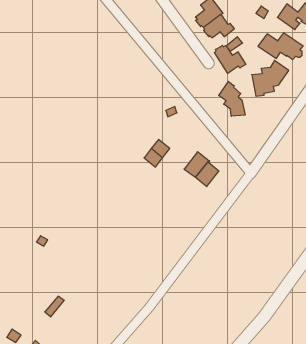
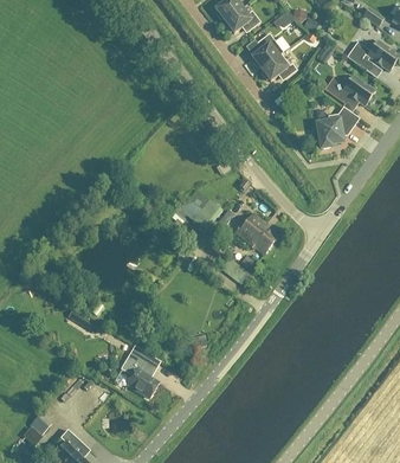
building: [214,45,246,73] -> none
building: [219,81,245,116] -> none
building: none -> [118,353,156,397]

